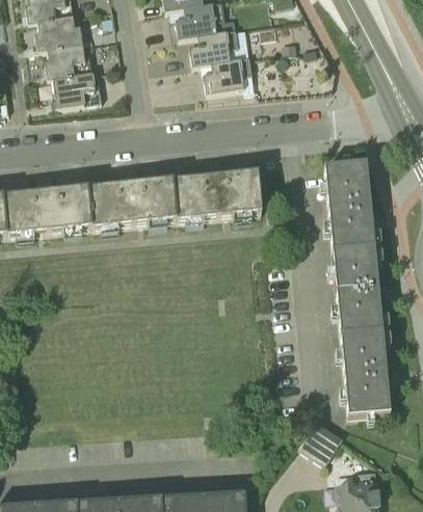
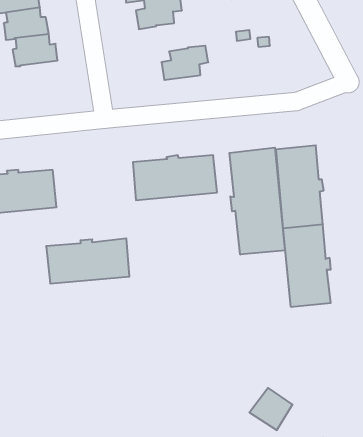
building: [188,26,248,63] -> none
building: [52,70,101,105] -> none
building: none -> [229,148,285,255]
building: [86,178,175,225] -> [46,238,129,283]
building: [339,327,390,415] -> none

